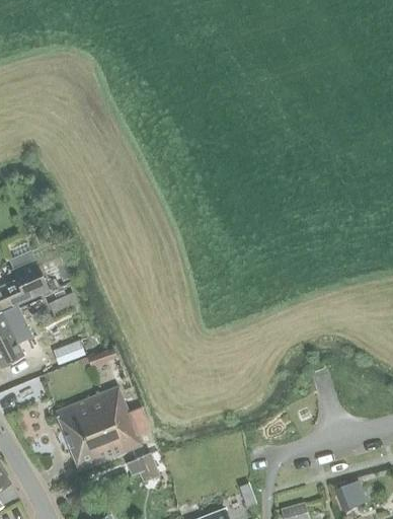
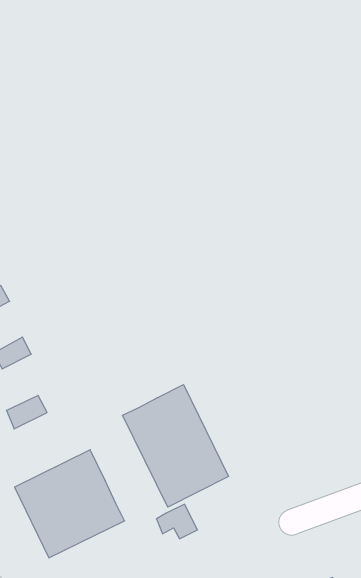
building: none -> [123,385,229,507]
building: [127,453,159,480] -> [156,504,198,539]

